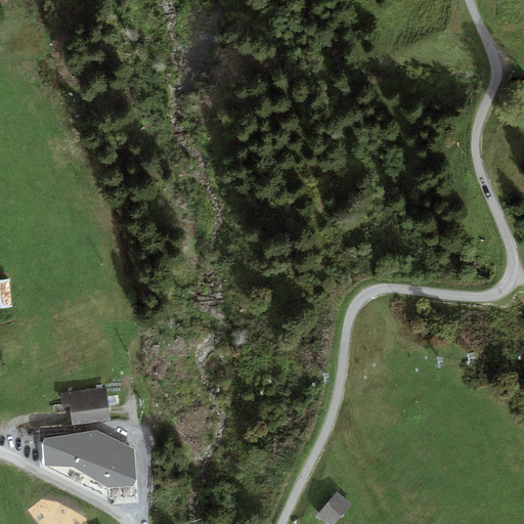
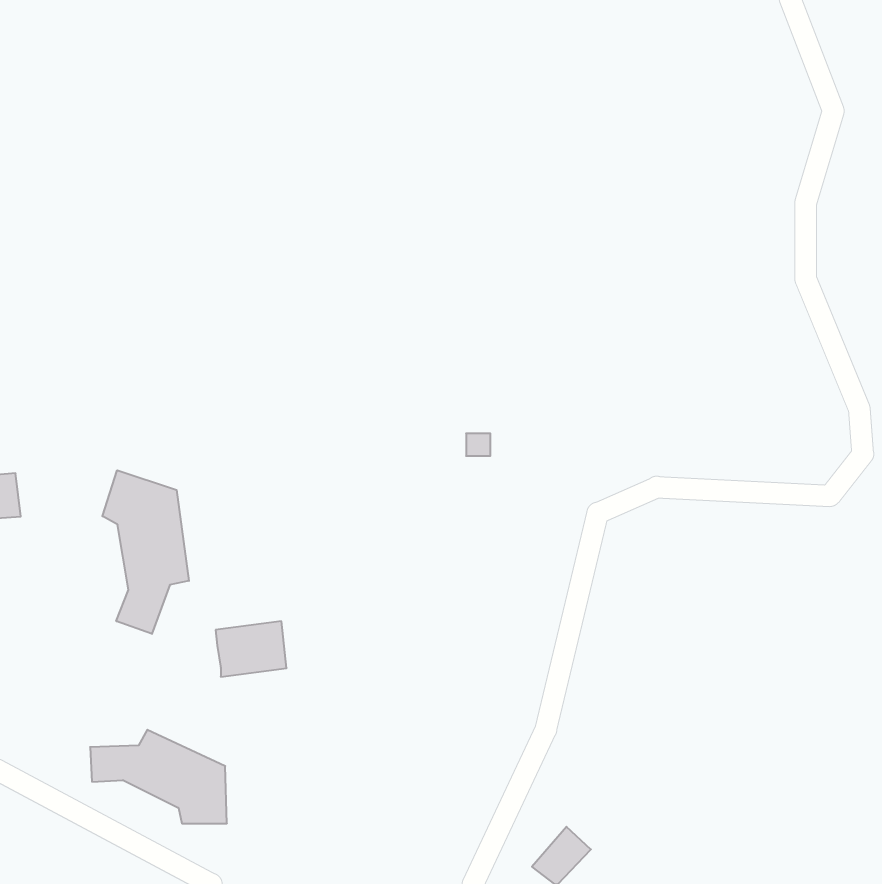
building: none -> [102,470,189,634]
building: [64,389,106,422] -> [216,621,287,677]

